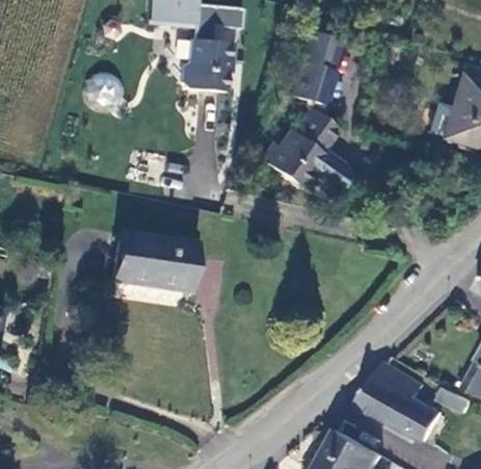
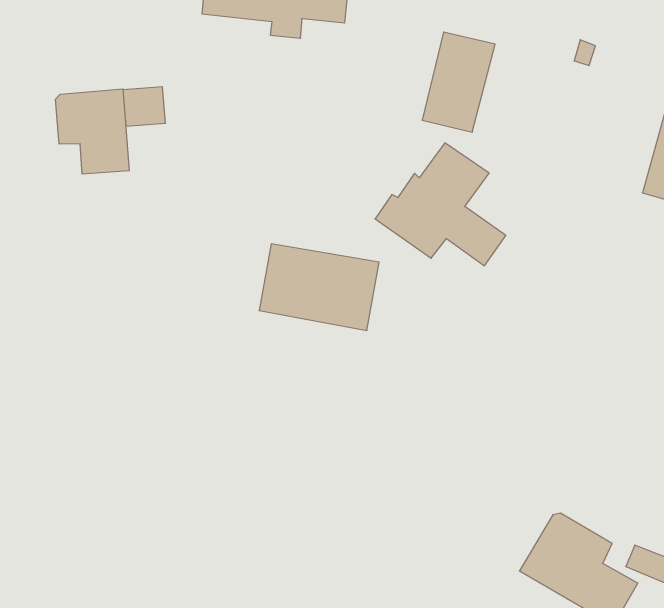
building: [177,35,231,94] -> none
building: none -> [56,89,129,174]
building: [109,231,191,290] -> [259,244,379,330]

